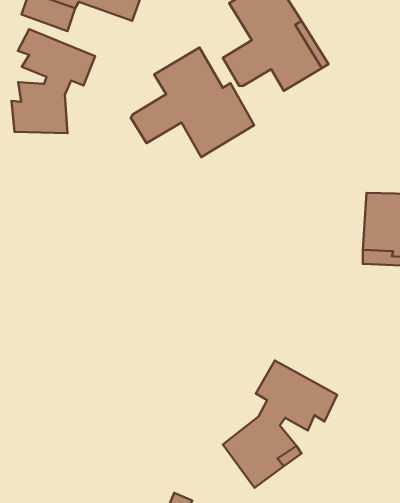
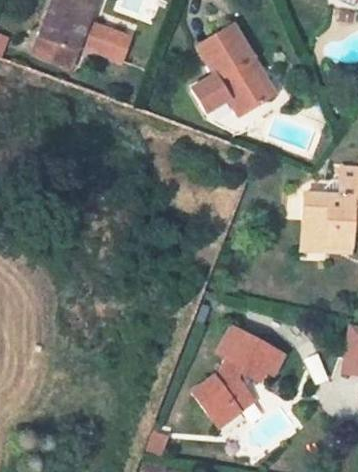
building: [11,29,95,133] -> none
building: [131,47,254,157] -> none

